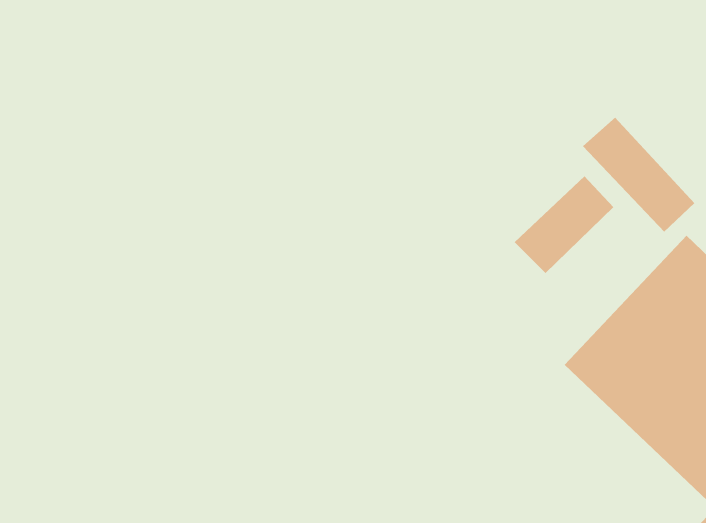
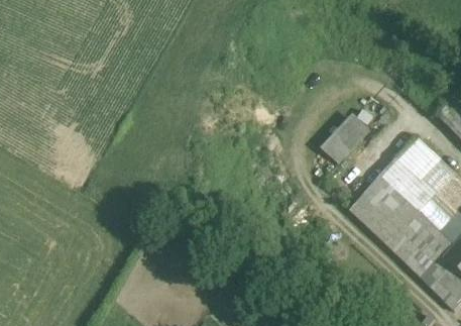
building: [582,117,695,233] -> none

